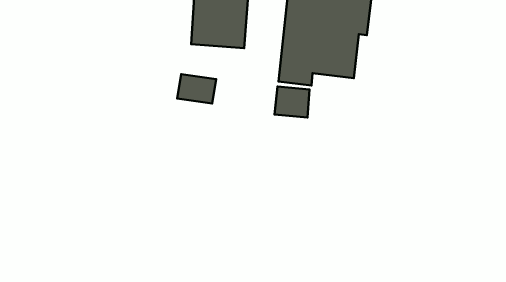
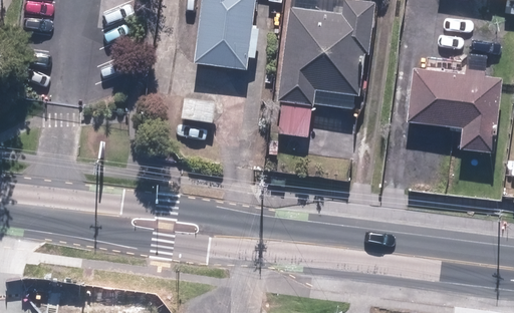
building: none -> [409,66,498,150]

